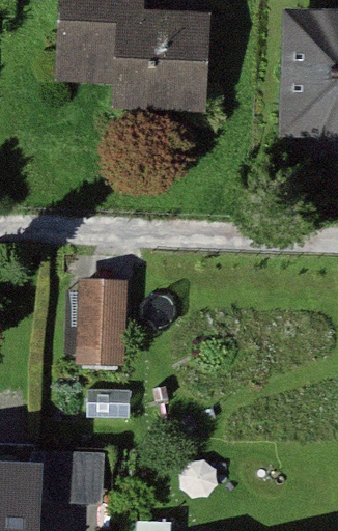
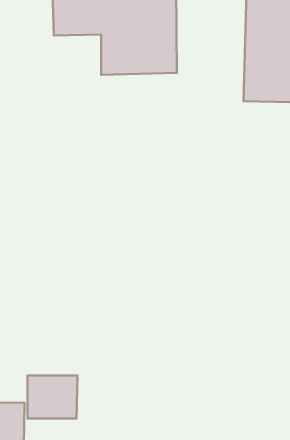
building: [78,278,126,359] -> none

